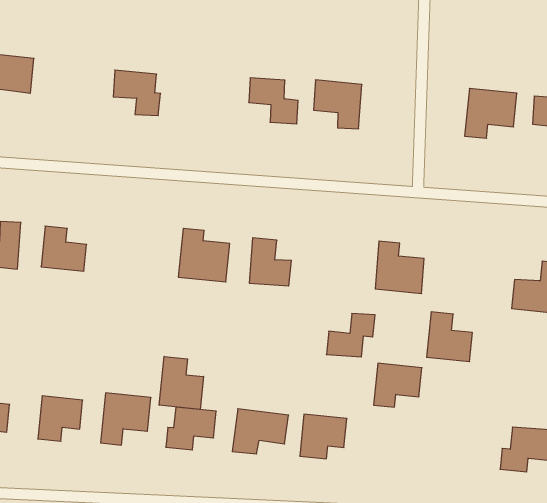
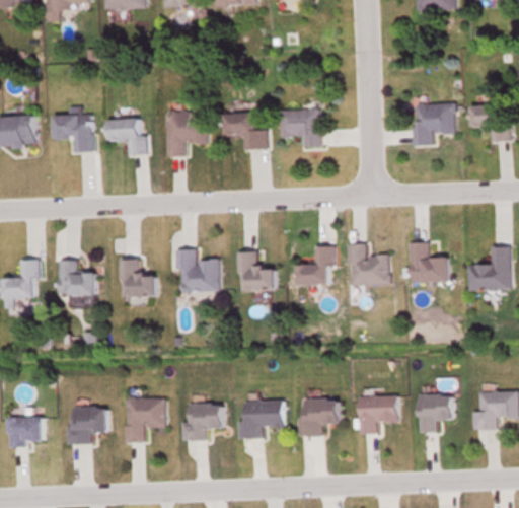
building: none -> [52,114,92,152]
building: none -> [166,112,207,156]
building: none -> [121,259,155,297]
building: [427,312,472,362] -> [411,242,448,282]
building: [326,314,375,357] -> [297,245,336,284]
building: [159,356,203,409] -> none
building: [374,363,422,407] -> [359,396,397,433]
building: none -> [419,395,452,432]

